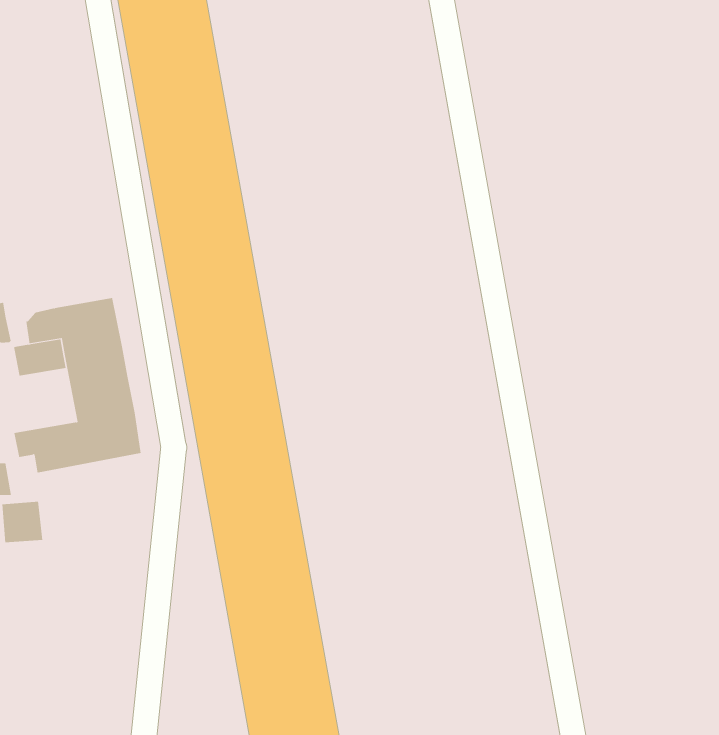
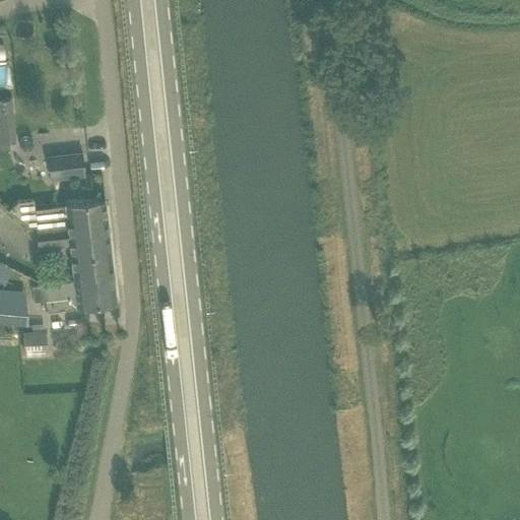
building: none -> [45,151,82,179]

